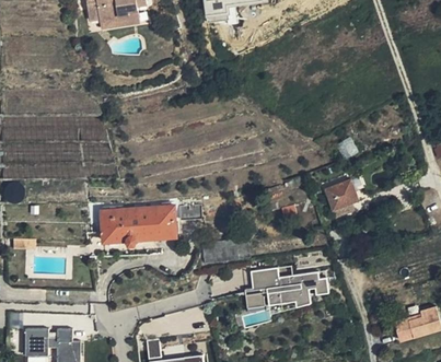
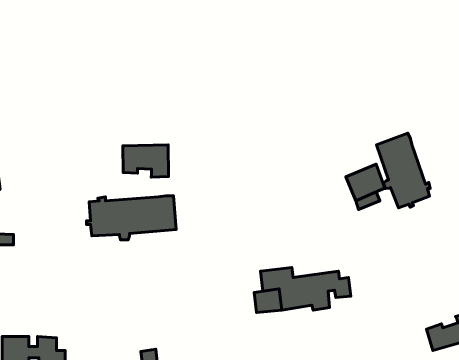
building: none -> [377,133,430,208]
building: none -> [123,145,168,177]

